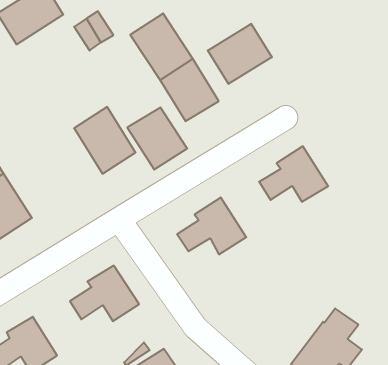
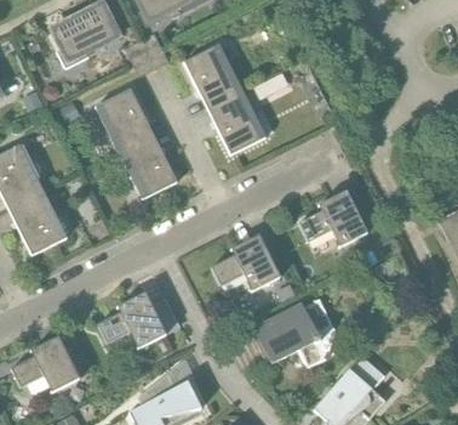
building: [208,24,272,84] -> none
building: [127,107,187,170] -> [96,87,154,149]
building: none -> [256,297,337,367]

